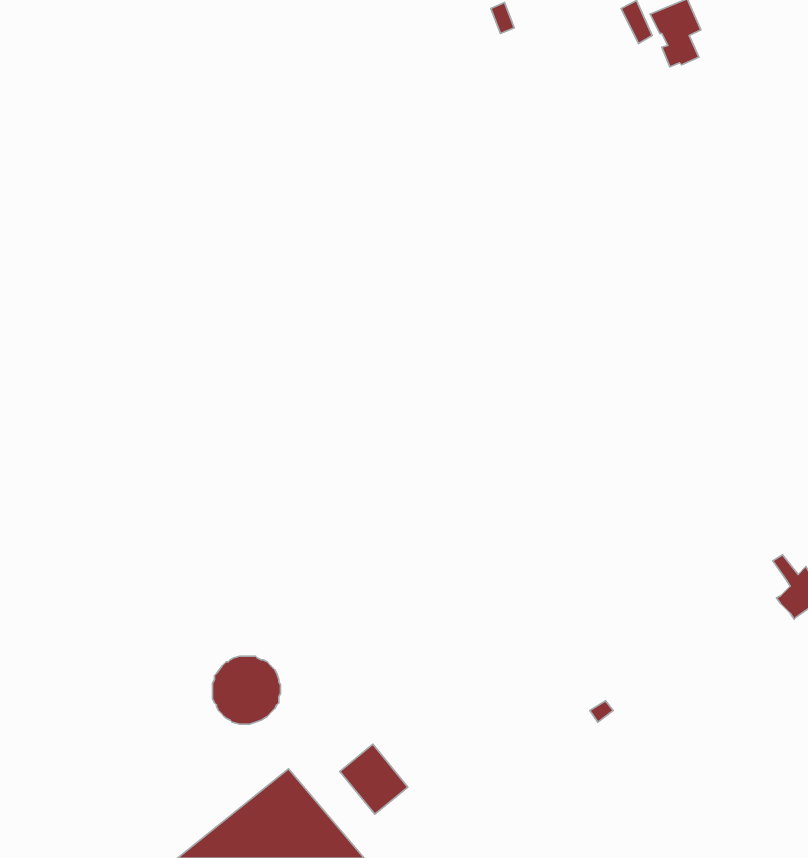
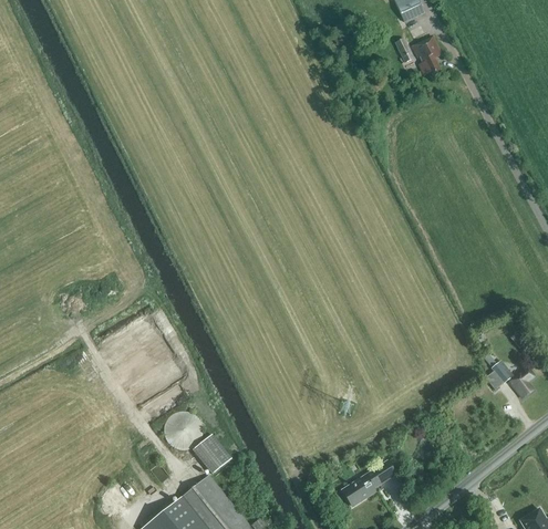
building: none -> [341,461,396,508]
building: [340,744,408,814] -> [193,435,231,475]

